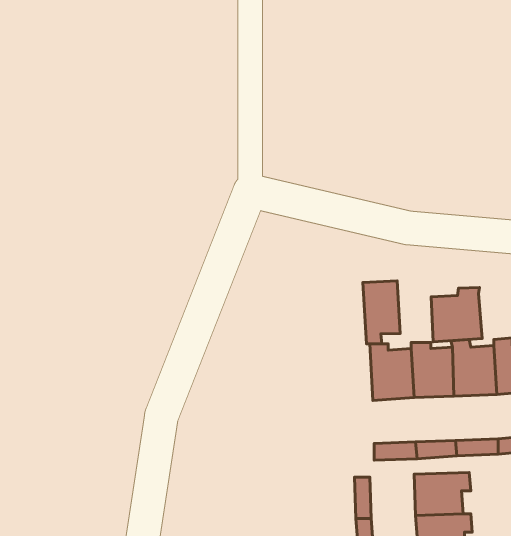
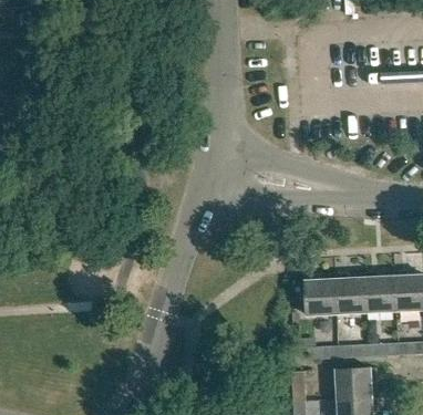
building: [363,281,400,344] -> none
building: [431,288,482,342] -> none

